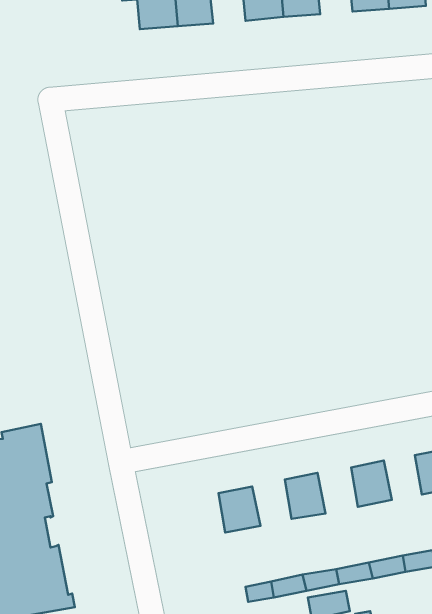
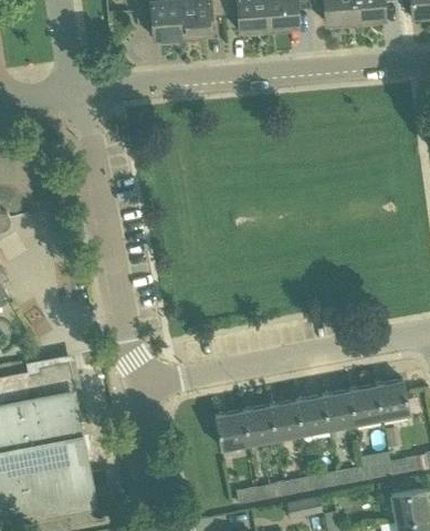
building: none -> [352,387,382,424]
building: none -> [297,397,331,435]
building: none -> [244,407,276,445]

